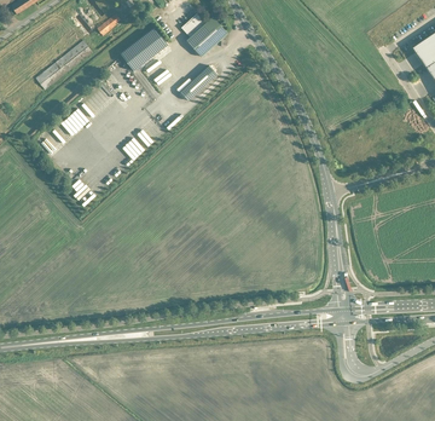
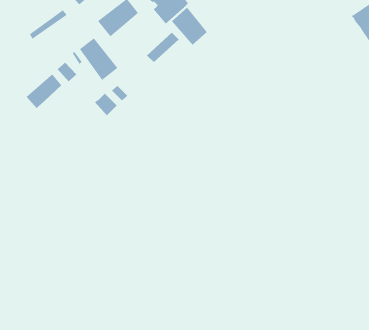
building: none -> [171,7,208,46]
building: none -> [79,37,118,81]

